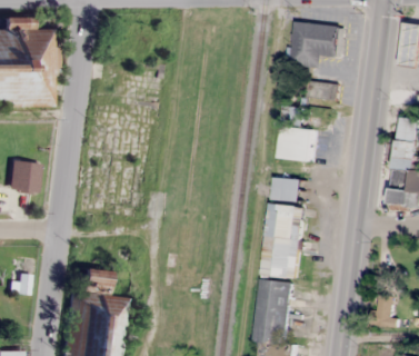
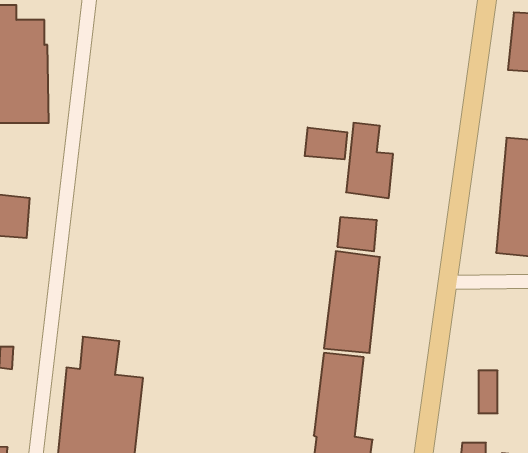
building: [291,22,338,67] -> none
building: [306,80,337,101] -> none
building: none -> [305,127,347,159]

